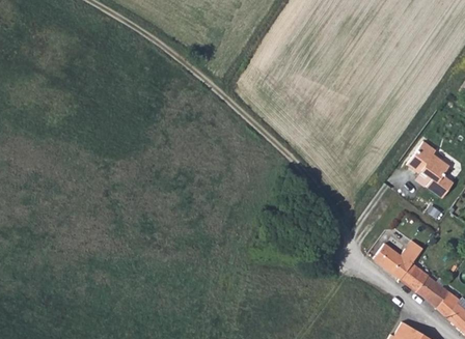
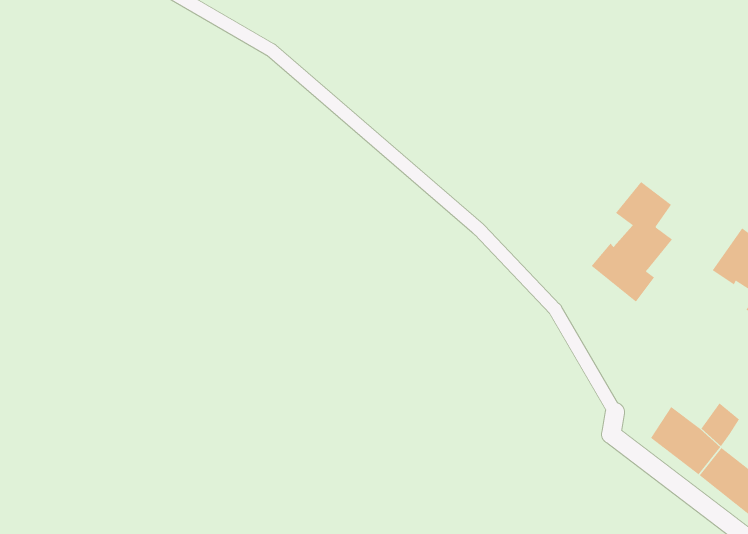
building: none -> [591,181,673,303]

